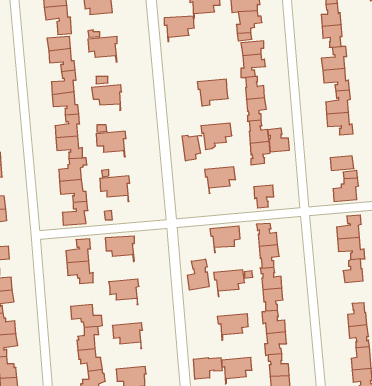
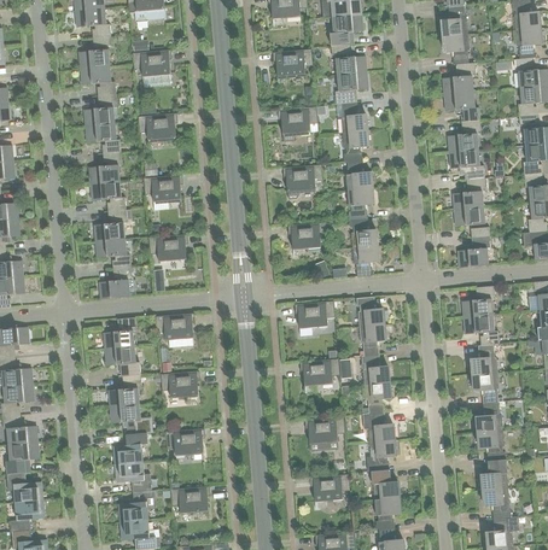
building: [164,16,194,42] -> [273,49,313,83]
building: [267,128,289,152] -> [349,217,378,248]
building: none -> [453,179,485,210]
building: [182,135,202,161] -> none
building: [188,259,209,290] -> none
building: none -> [473,373,499,403]
building: none -> [109,375,141,406]
building: [194,358,222,379] -> none

